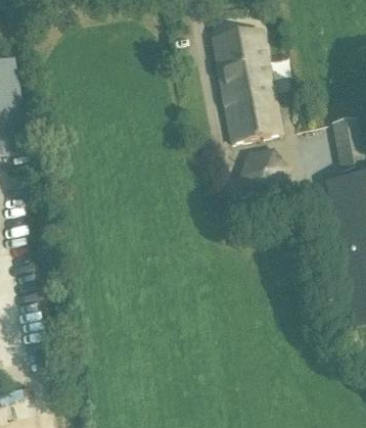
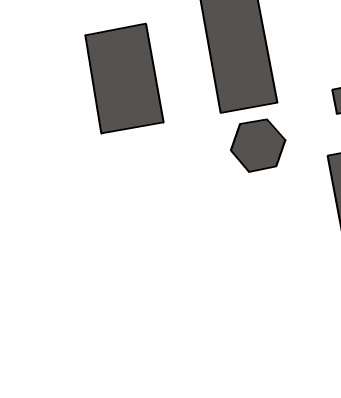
building: none -> [86,24,163,134]

